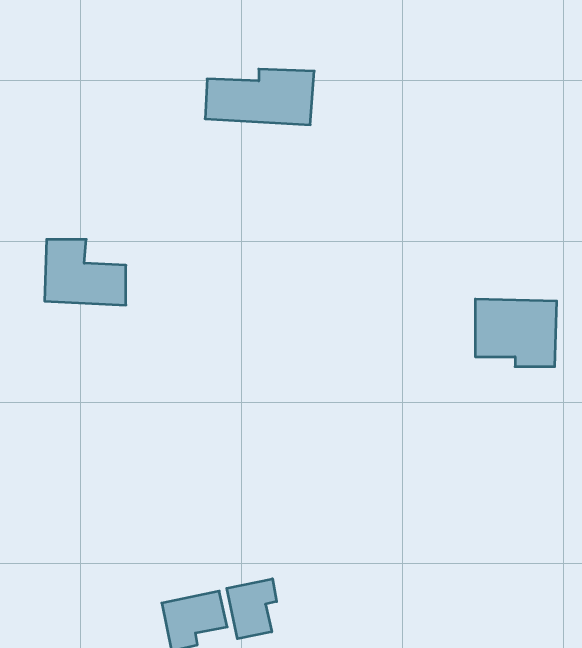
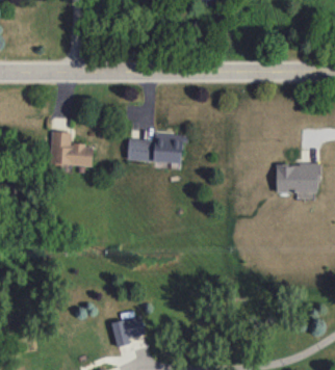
building: [205,69,314,125] -> [127,134,184,163]
building: [227,579,277,639] -> none

